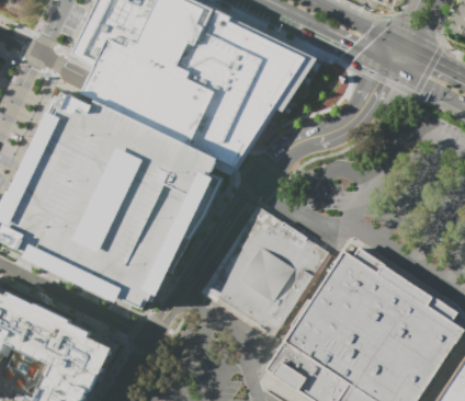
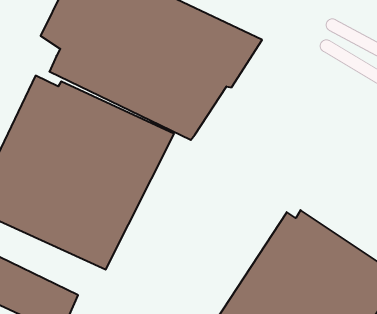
building: [203,206,330,336] -> none

